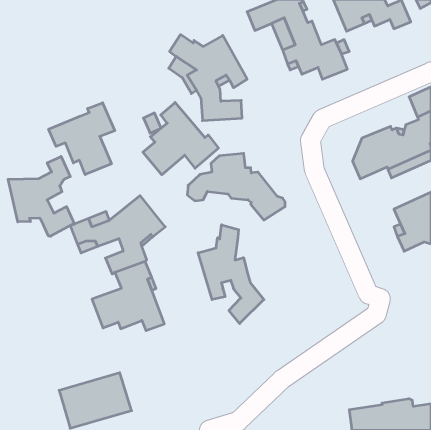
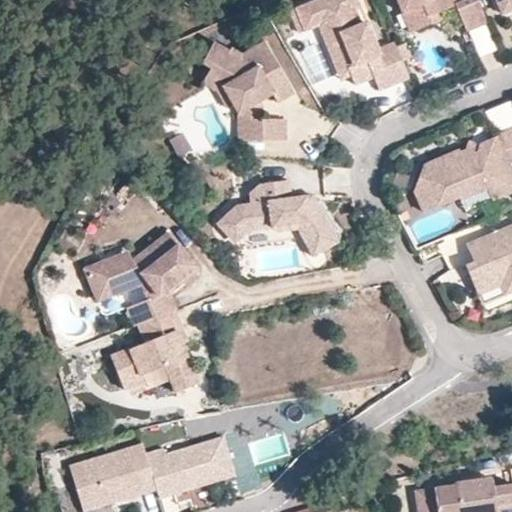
building: [143,102,218,175] -> none
building: [49,103,115,175] -> none
building: [8,156,74,236] -> none
building: [198,225,264,324] -> none
building: none -> [145,435,234,495]

